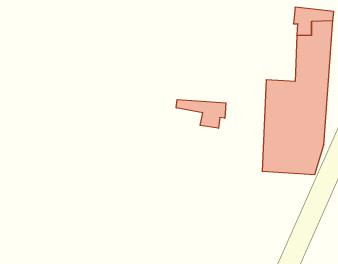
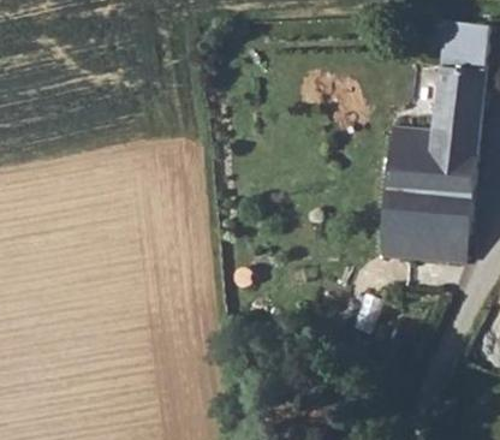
building: [176,100,226,128] -> none

